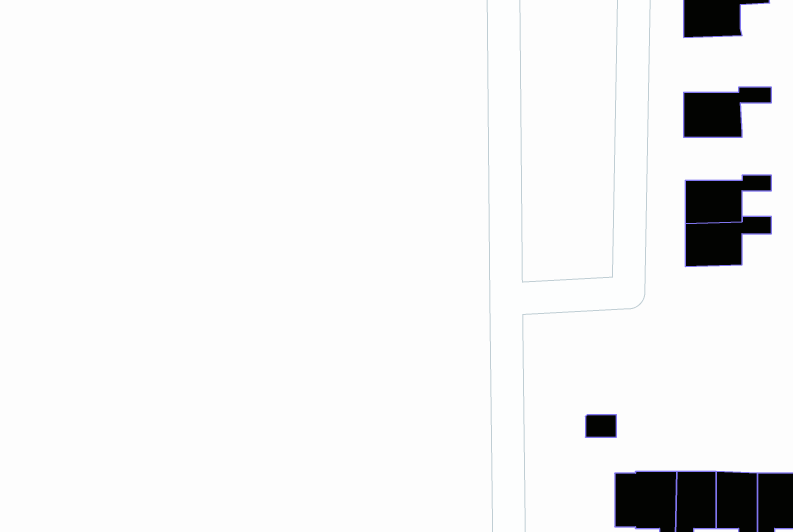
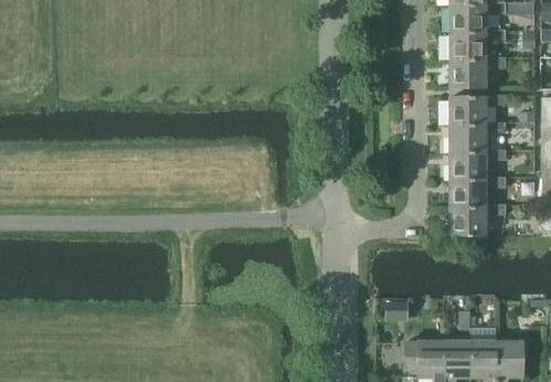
building: none -> [449,55,506,87]
building: none -> [449,121,506,152]
building: none -> [451,203,507,235]

